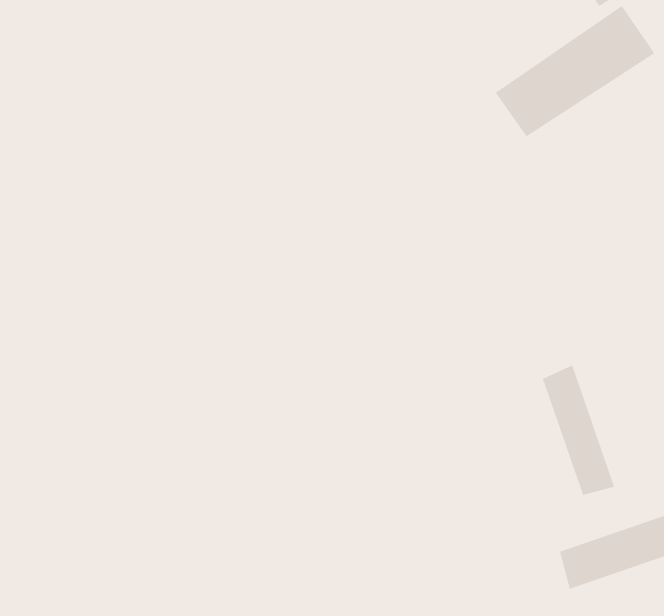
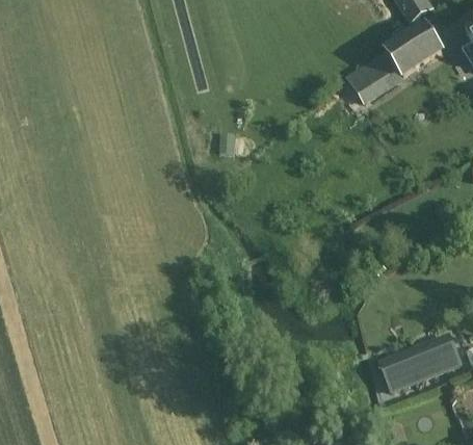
building: [542,365,615,496] -> none

